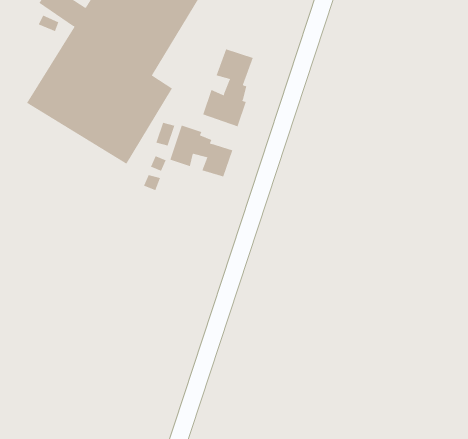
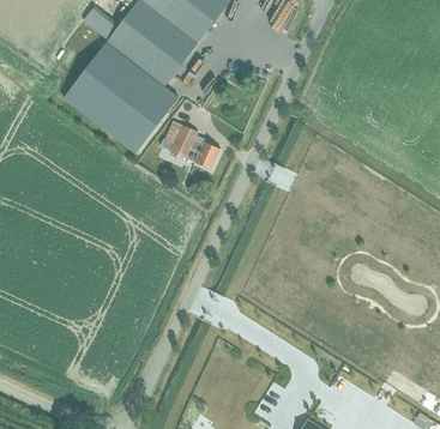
building: [202,49,253,127] -> none

